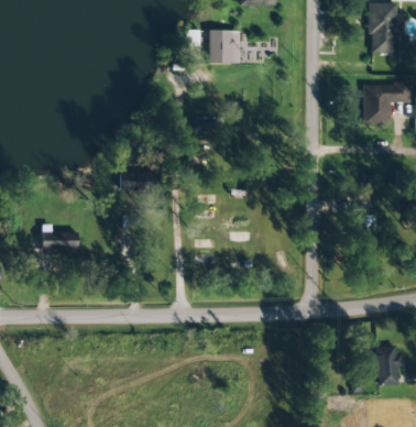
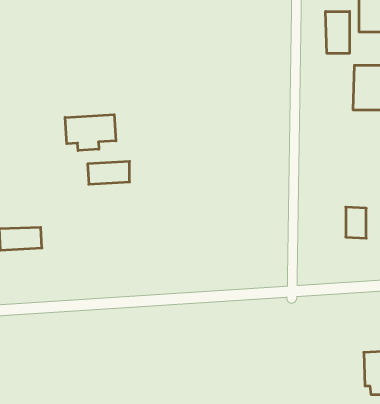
building: [209,30,240,64] -> none
building: none -> [326,11,350,53]
building: none -> [65,115,116,151]

